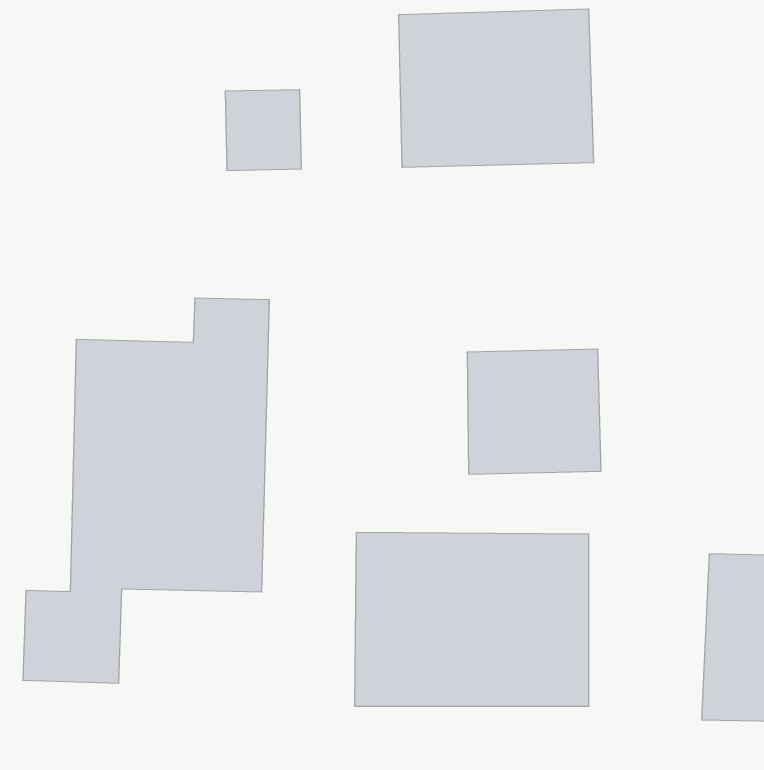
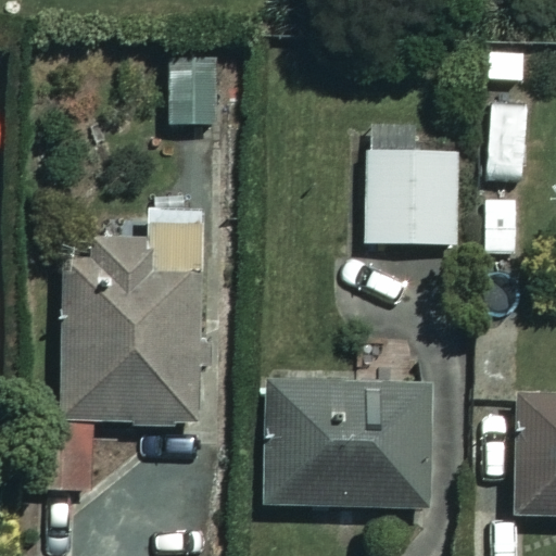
building: [399,9,593,167] -> none
building: [467,349,601,474] -> [366,154,462,243]

